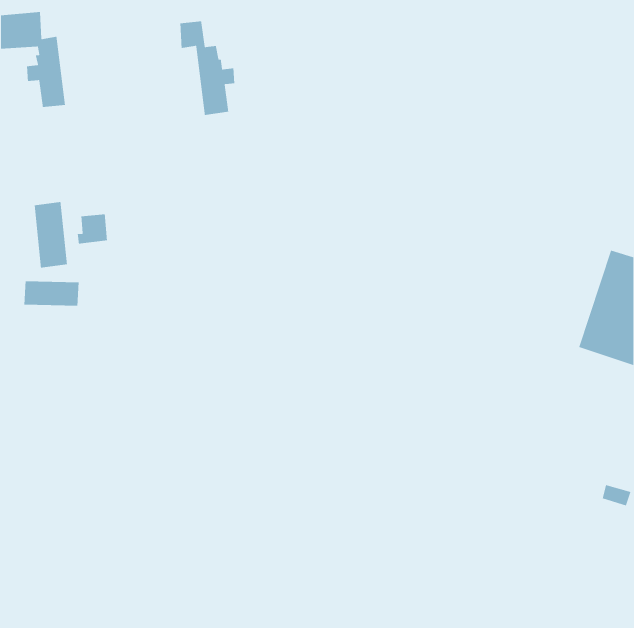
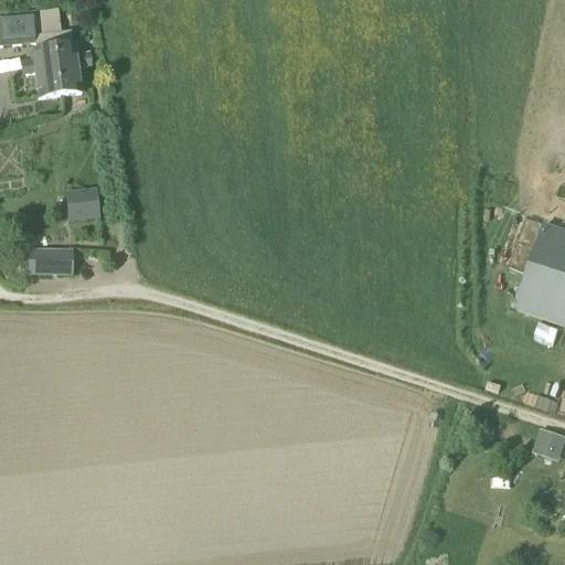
building: [179,20,235,116] -> [36,9,86,94]
building: [34,201,68,268] -> none

